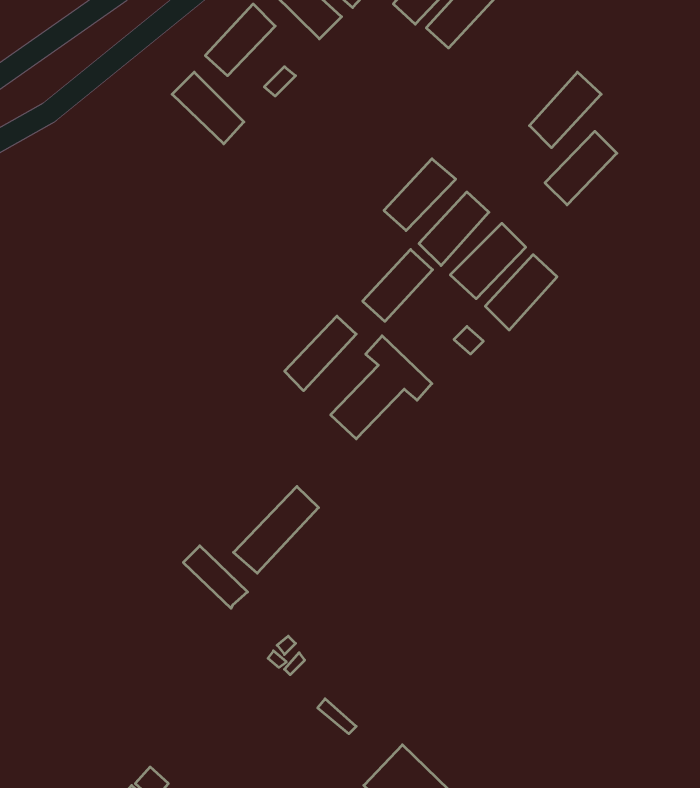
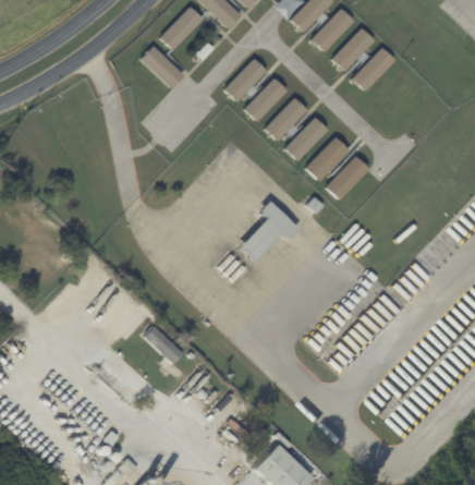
building: none -> [313,8,354,50]
building: none -> [227,58,268,100]
building: [545,131,617,205] -> [332,27,375,71]
building: [363,249,433,321] -> [246,77,288,120]
building: [285,316,356,391] -> none
building: [233,486,319,573] -> none

